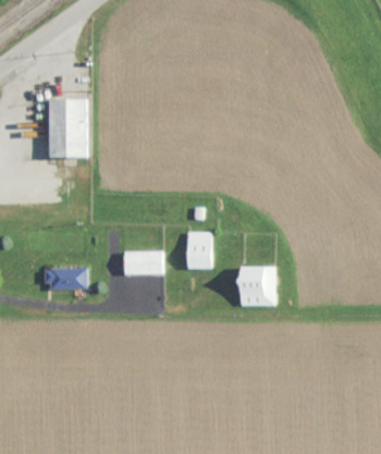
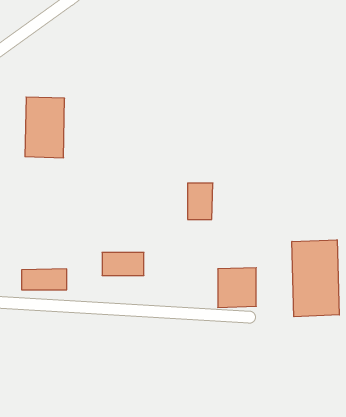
building: [186,232,211,268] -> [188,183,213,219]
building: none -> [292,240,339,317]

